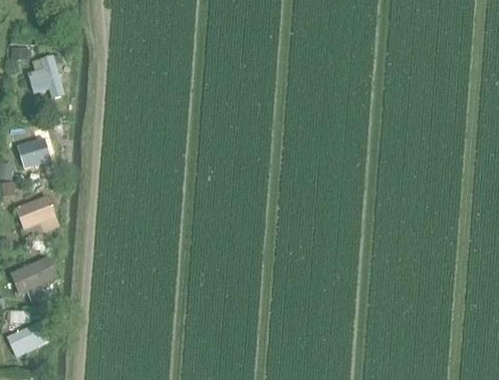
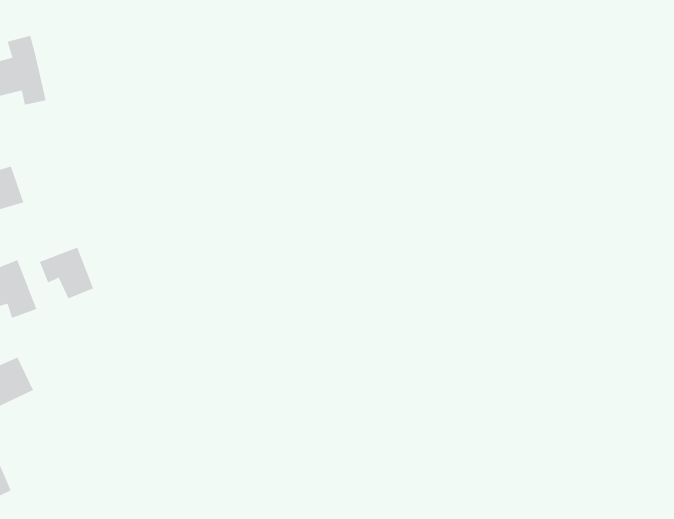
building: none -> [39,247,94,299]

